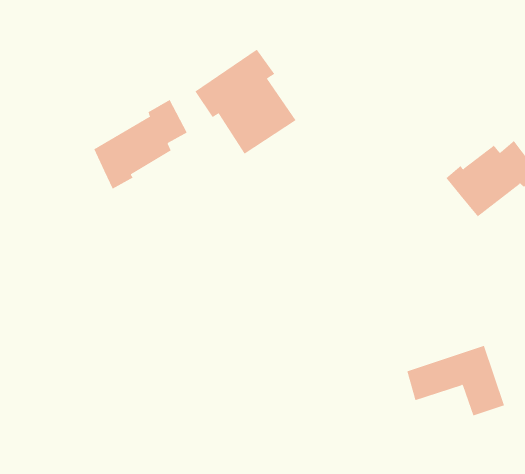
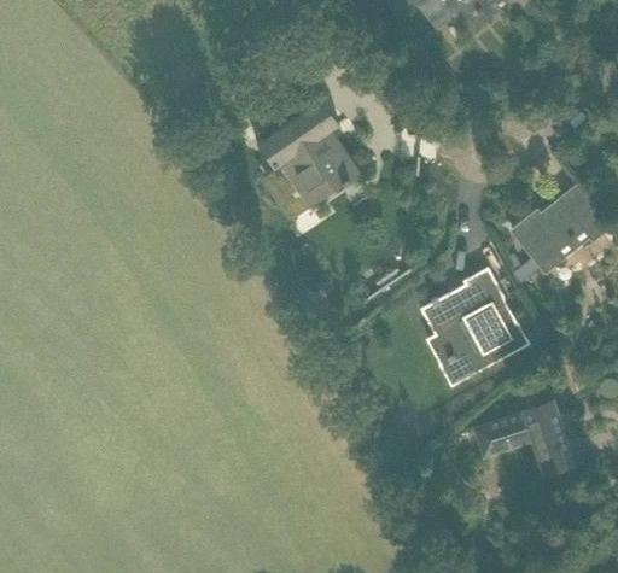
building: [94,99,188,189] -> none
building: none -> [421,267,530,386]

